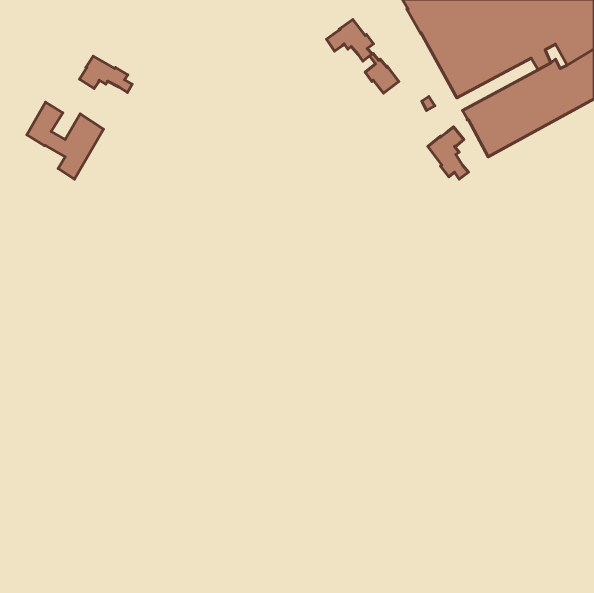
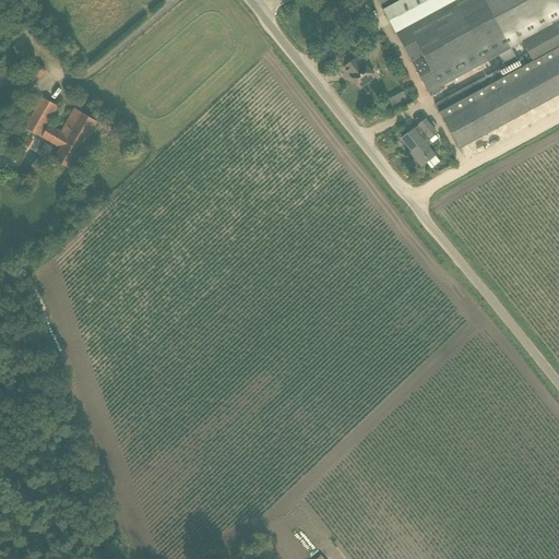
building: [326,19,373,61] -> none
building: [79,56,132,92] -> none

